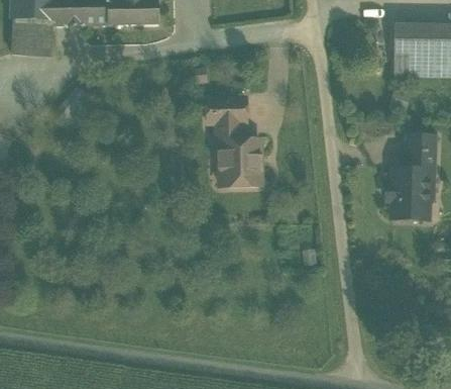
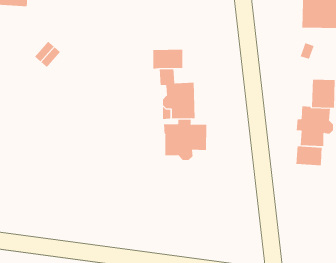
building: none -> [164,119,207,161]
building: none -> [296,145,322,166]

